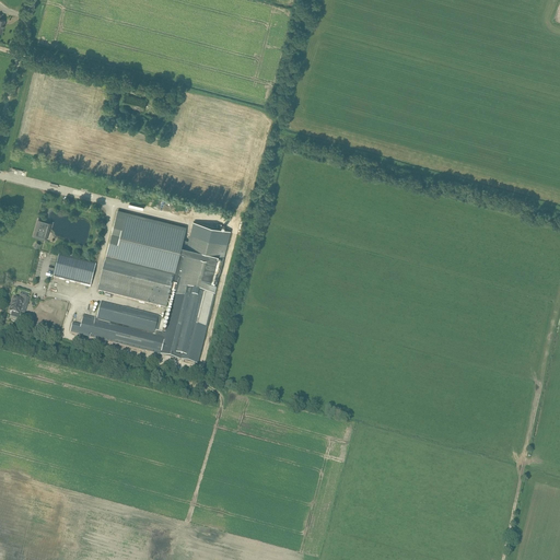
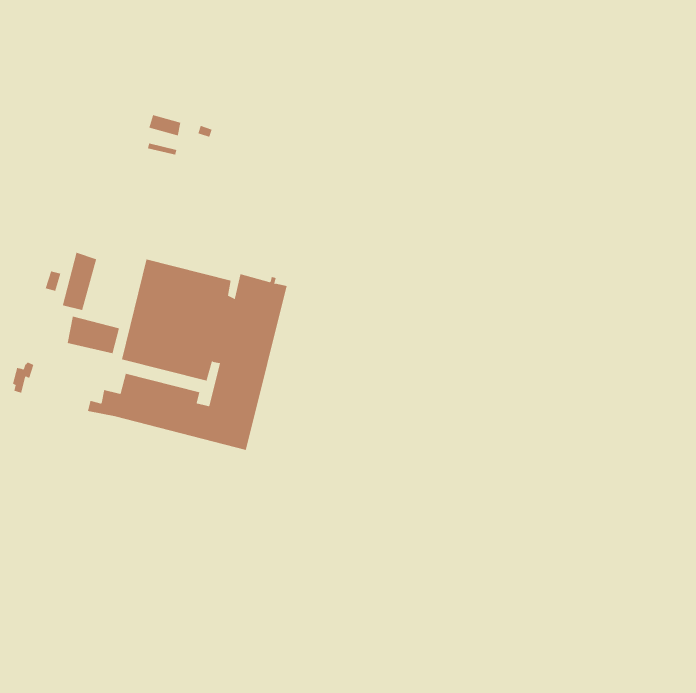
building: none -> [62,252,97,311]

